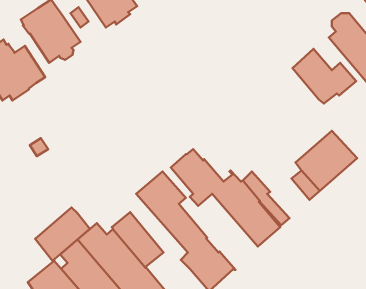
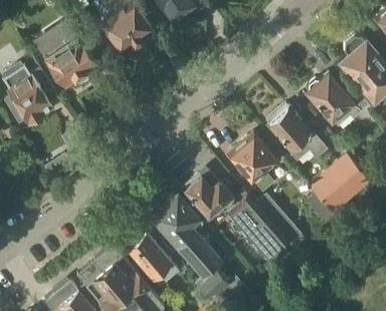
building: none -> [266,104,326,159]
building: none -> [228,132,276,191]
building: [35,207,90,261] -> none

